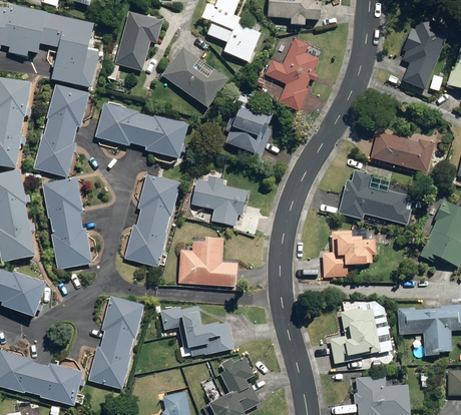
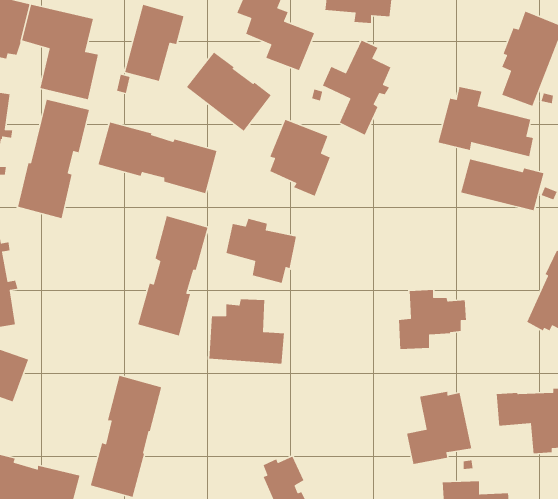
building: [338,169,411,224] -> [438,86,534,157]
building: [42,176,92,269] -> none
building: [165,306,239,356] -> none

